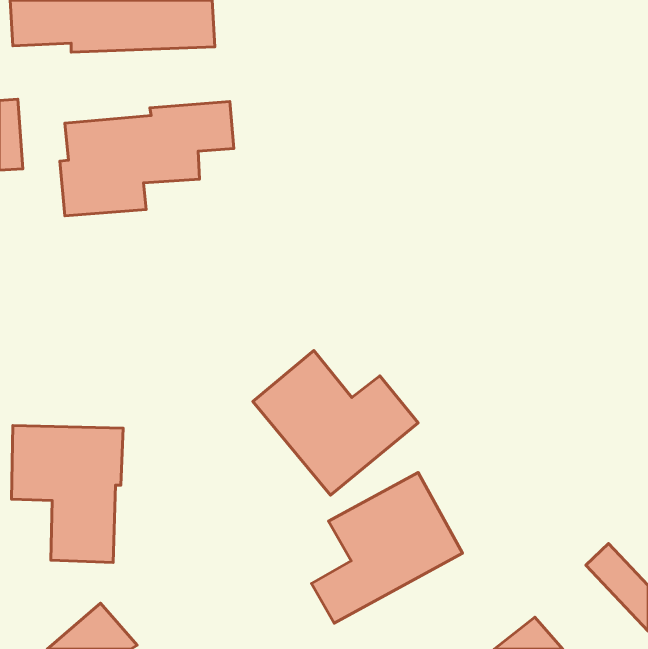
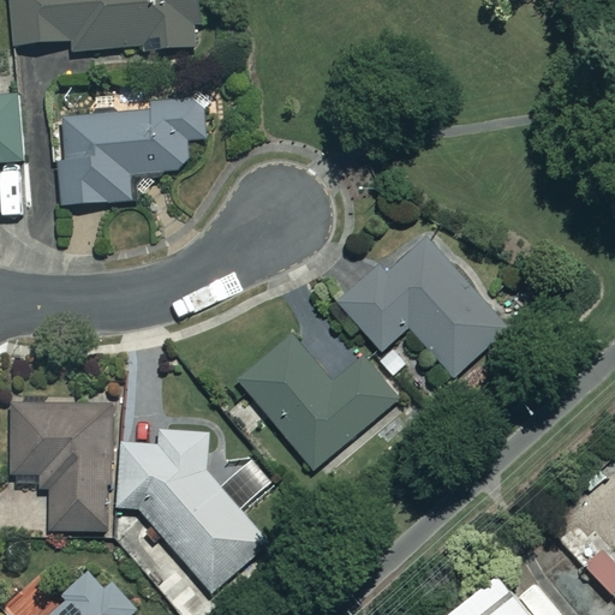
building: none -> [340,231,508,376]
building: none -> [115,429,268,592]
building: [312,472,463,623] -> none

